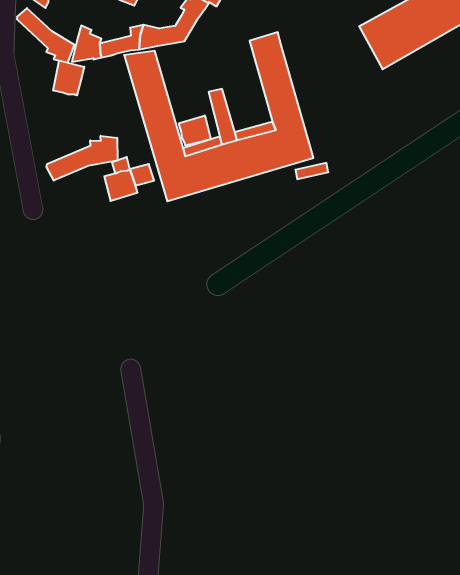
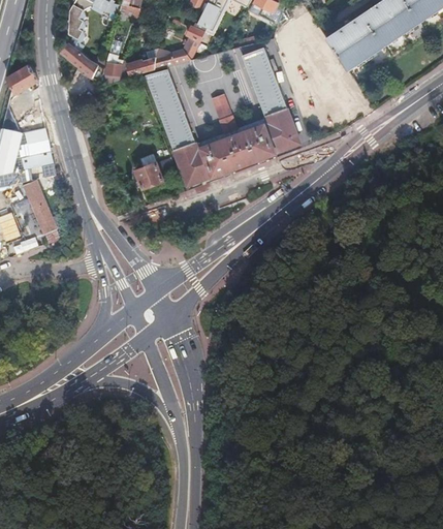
building: [53,61,84,95] -> none
building: [179,115,211,145] -> none
building: [47,136,118,181] -> none

